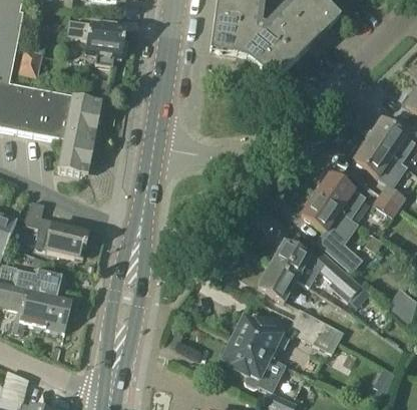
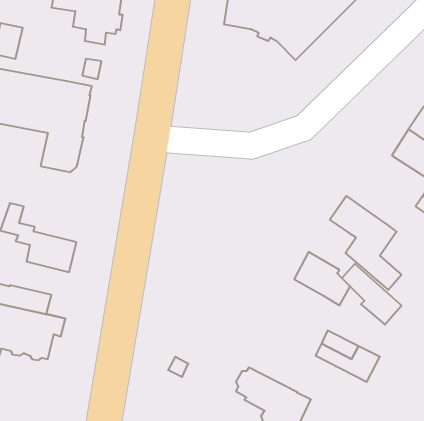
building: [316,172,365,218] -> none
building: [259,264,297,301] -> none
building: [234,315,291,359] -> none

